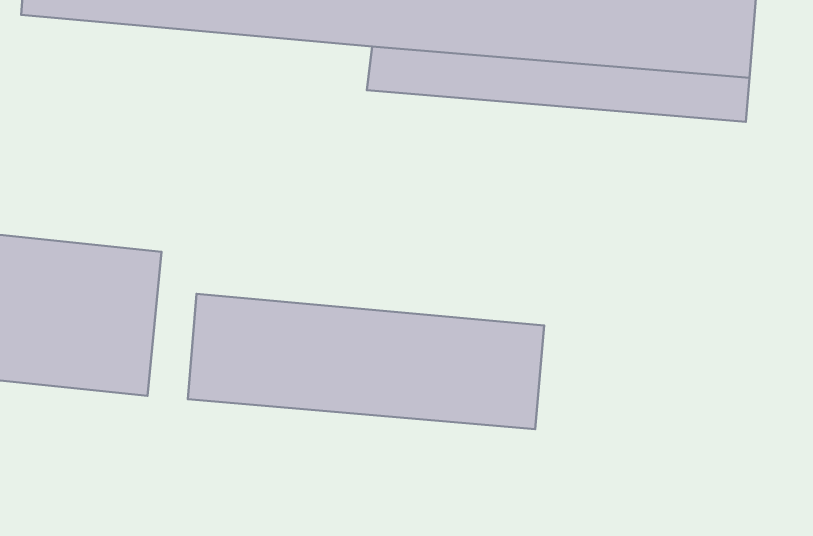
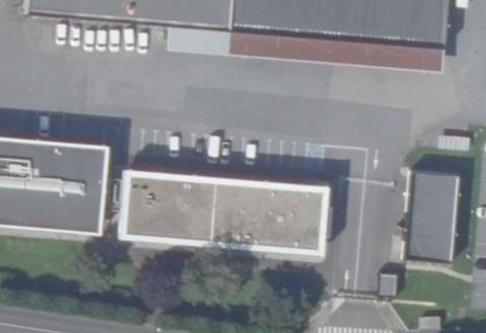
building: none -> [398,167,457,261]

